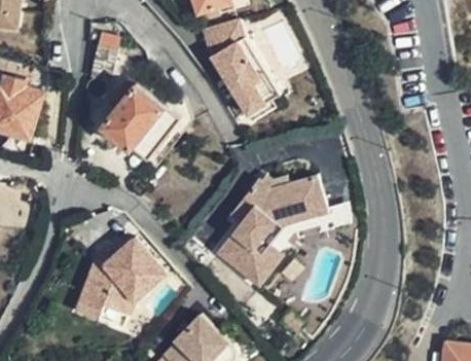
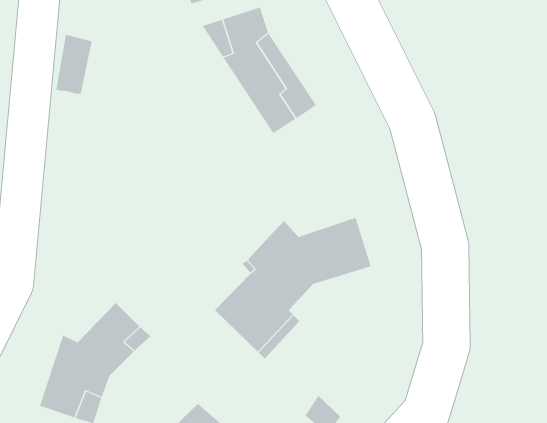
building: [103,85,181,161] -> none

